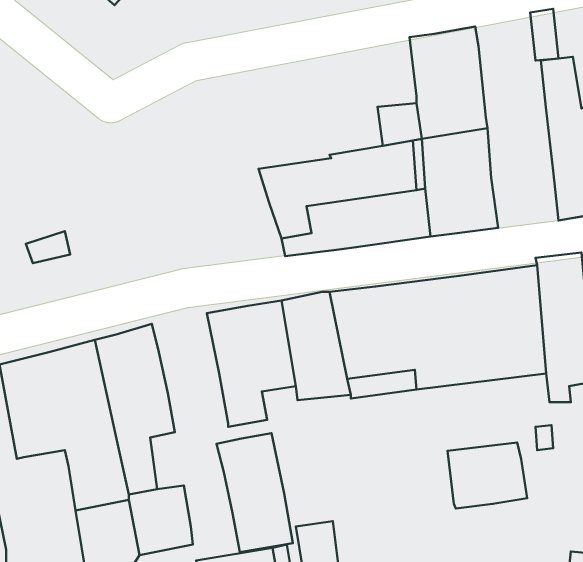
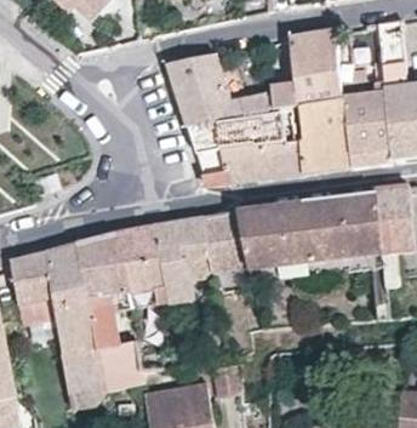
building: none -> [166,52,236,126]
building: none -> [342,86,392,166]
building: [217,433,293,552] -> [114,224,166,306]
building: [448,443,527,509] -> none

